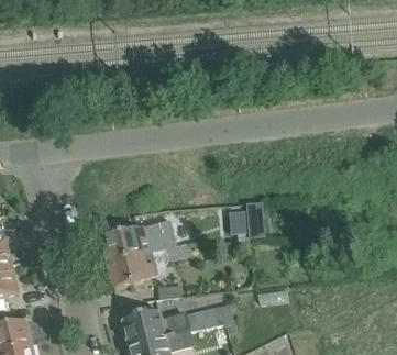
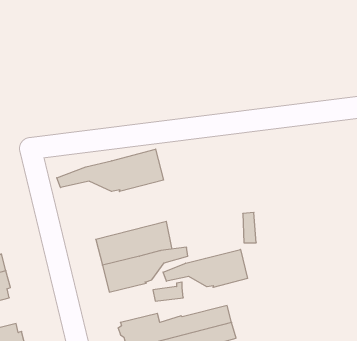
building: none -> [57,149,163,192]
building: none -> [163,249,248,287]

